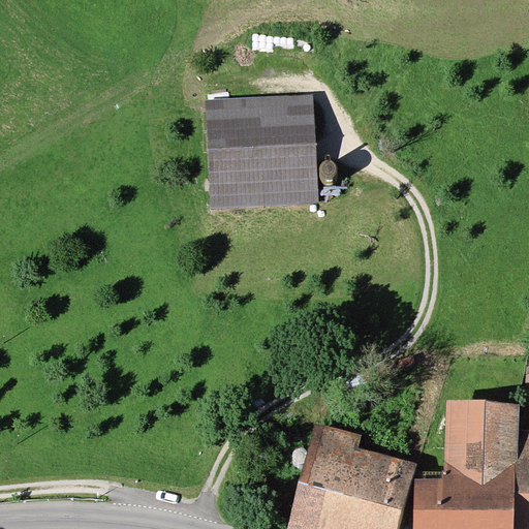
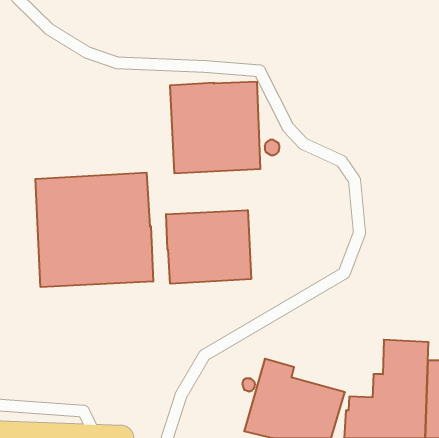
building: none -> [35,173,153,287]
building: none -> [166,210,251,284]

